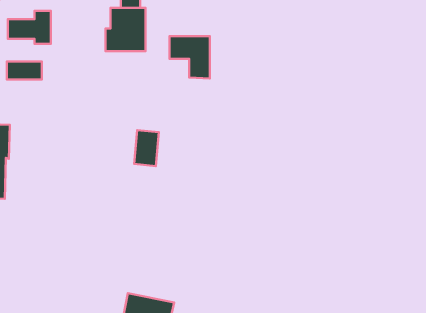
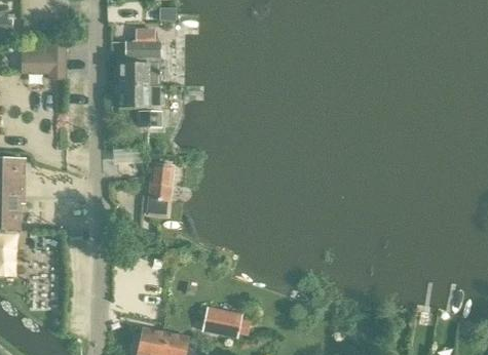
building: [170,36,210,78] -> [119,84,159,126]
building: [7,61,42,80] -> none
building: none -> [202,307,251,336]

